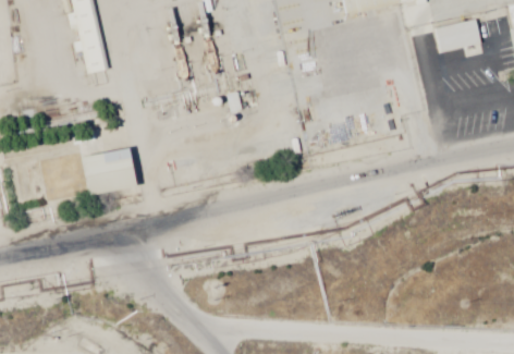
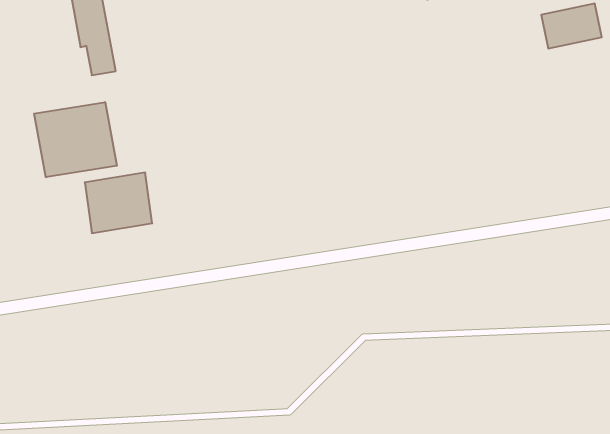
building: none -> [34,102,117,177]

